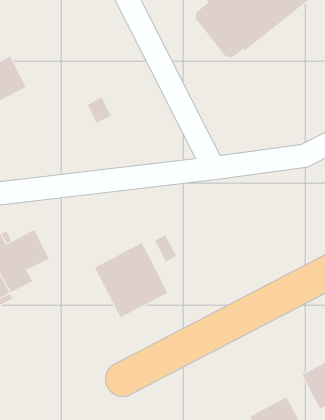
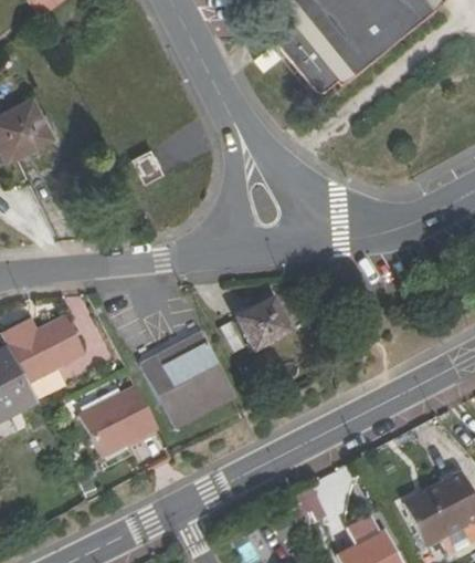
building: none -> [235,296,293,351]
building: none -> [74,388,152,459]

